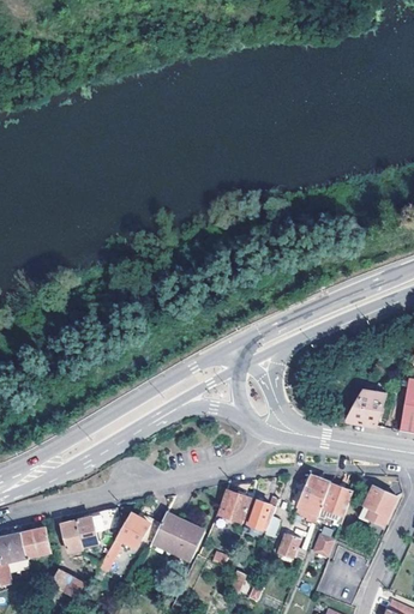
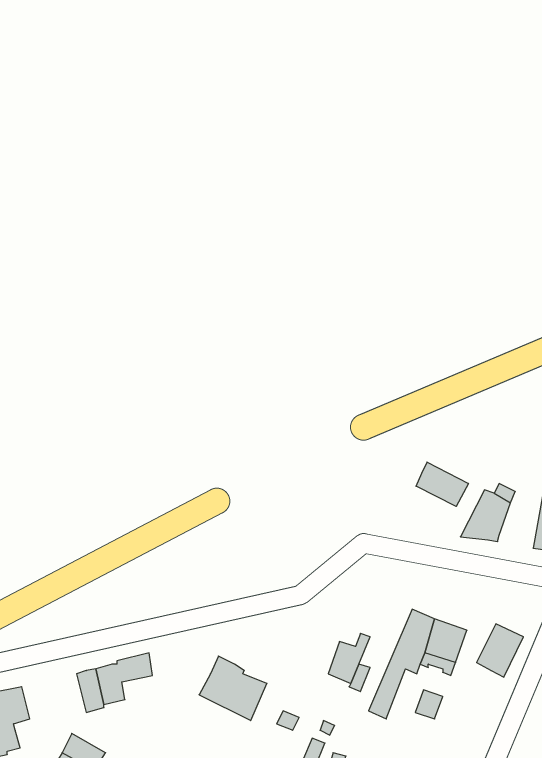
building: none -> [416,462,468,506]
building: [217,489,250,522] -> none
building: [97,513,161,571] -> none
building: [20,528,50,558] -> none

